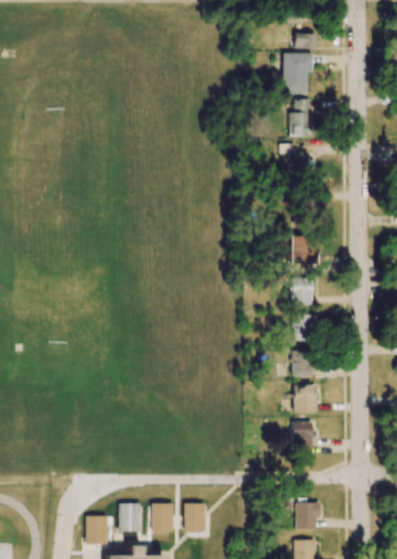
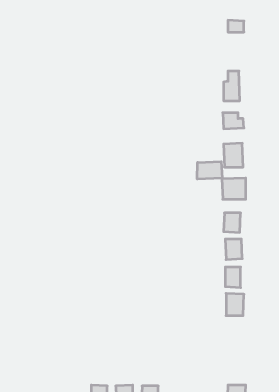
building: [284,52,313,94] -> none
building: none -> [197,162,222,179]
building: [291,420,314,449] -> none

